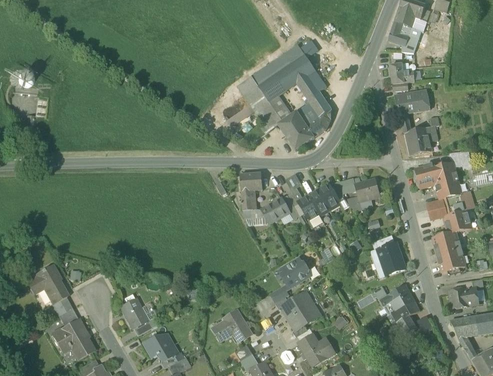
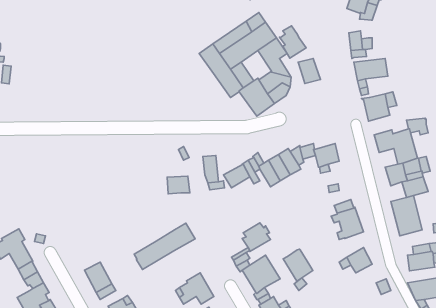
building: none -> [280,26,306,58]
building: none -> [298,58,321,84]
building: [240,172,263,190] -> [167,176,190,194]
building: none -> [134,223,195,269]
building: none -> [283,249,313,281]
building: [392,300,420,334] -> none

